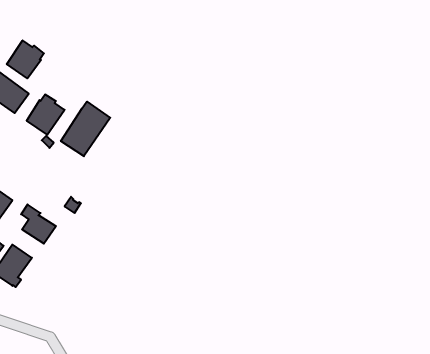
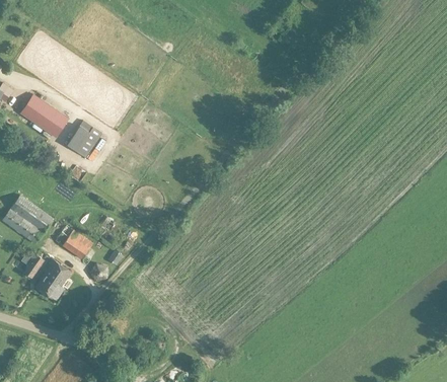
building: [7,40,44,78] -> none
building: [61,102,110,156] -> none

